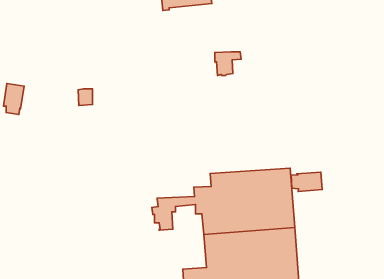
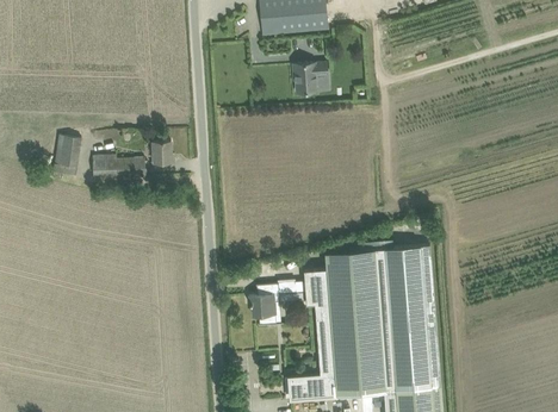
building: [215,52,241,75] -> [292,62,327,93]
building: none -> [92,155,147,177]
building: [291,172,322,191] -> none

